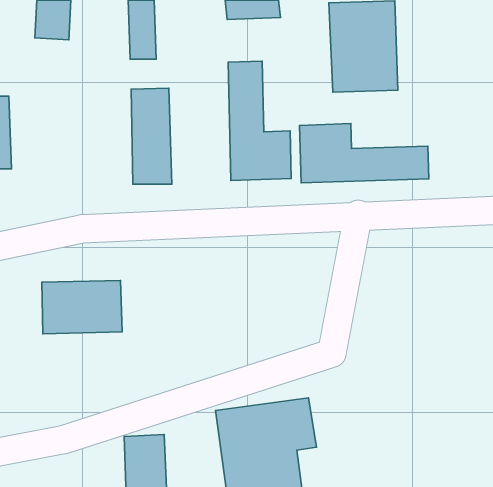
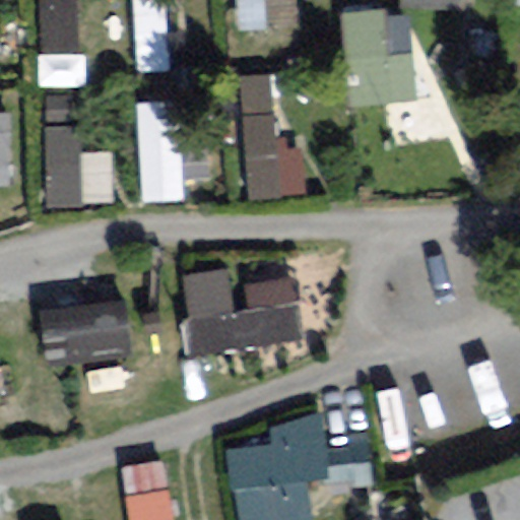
building: none -> [45,137,112,206]
building: [300,124,429,183] -> none
building: none -> [180,259,305,353]

